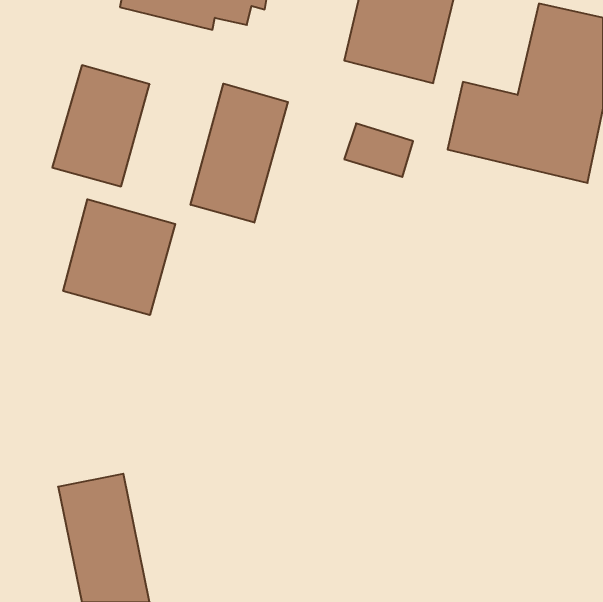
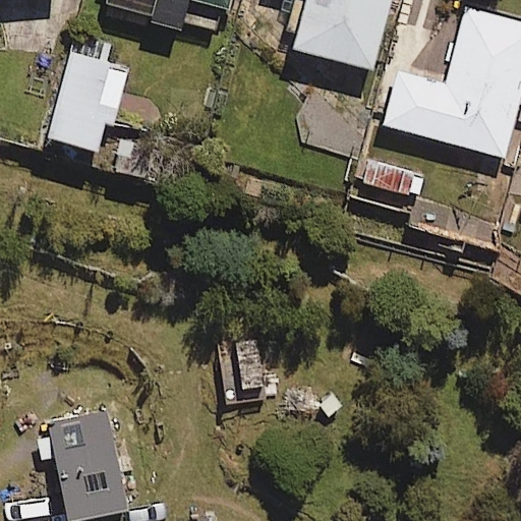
building: [191,84,288,223] -> none
building: [63,199,175,315] -> none

